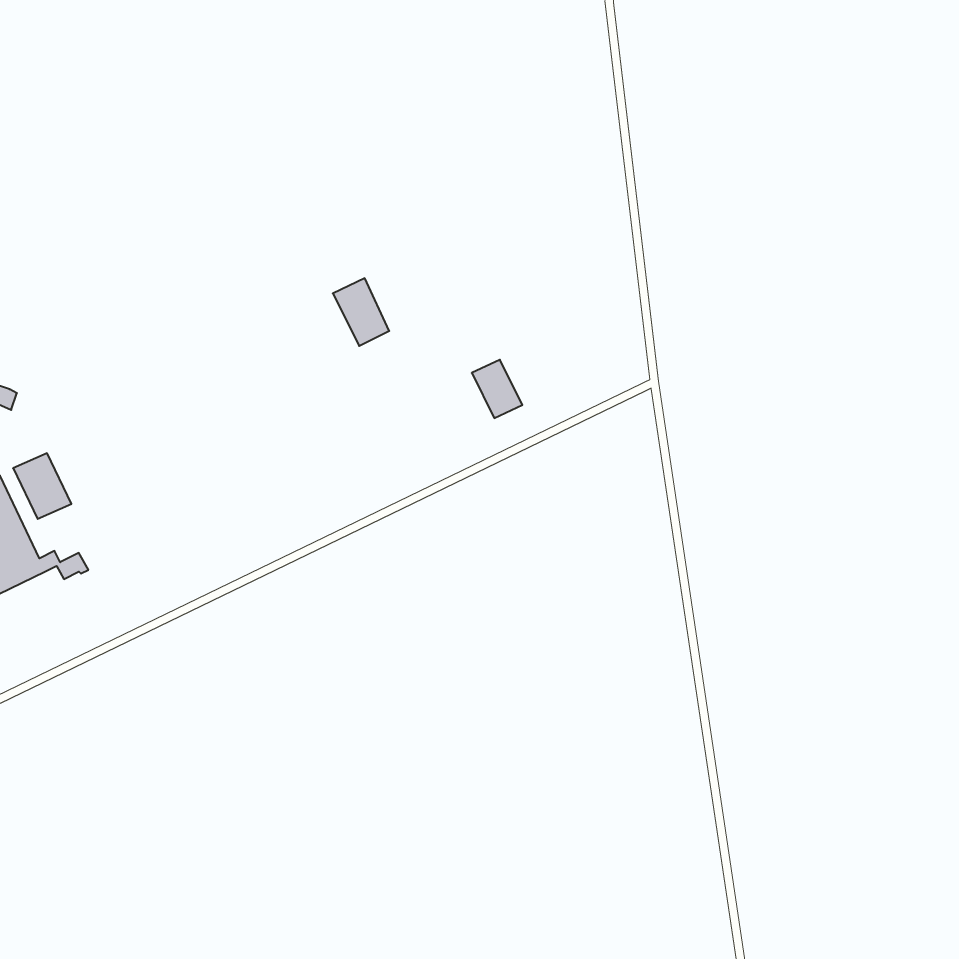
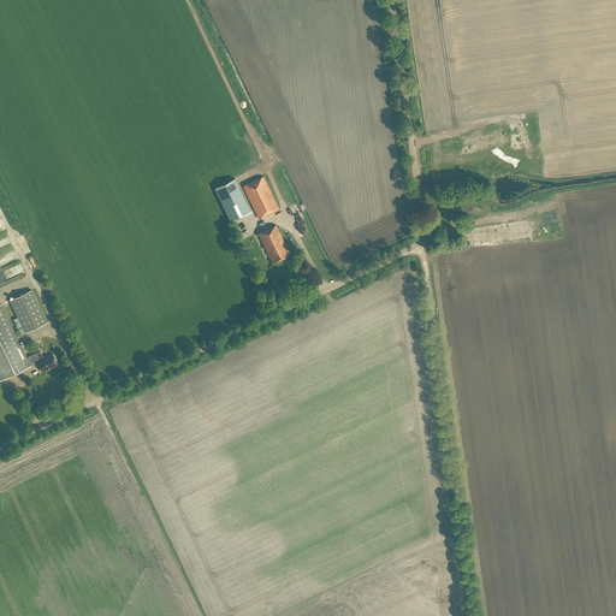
building: none -> [241,177,278,220]
building: [472,360,522,418] -> [256,226,289,263]

